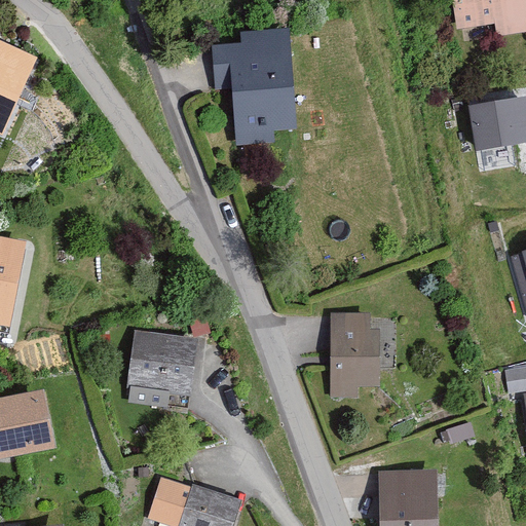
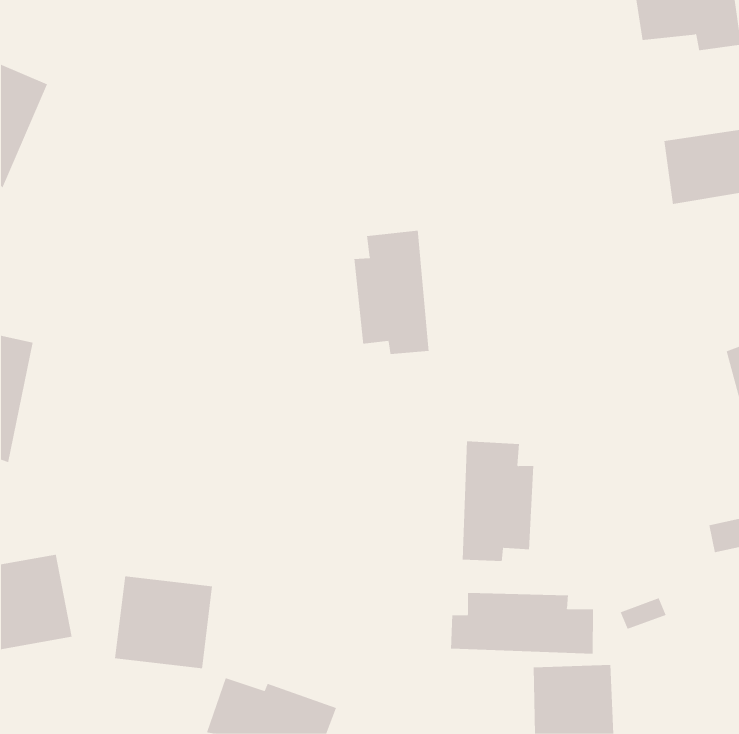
building: [211,26,297,141] -> none
building: none -> [354,230,429,355]
building: [126,332,196,398] -> [114,576,213,669]
building: none -> [450,592,594,654]

